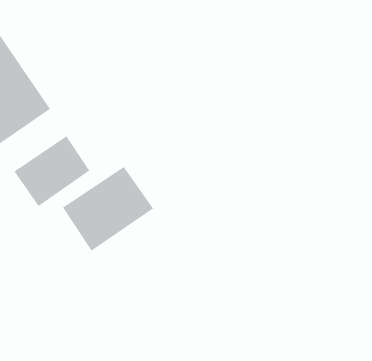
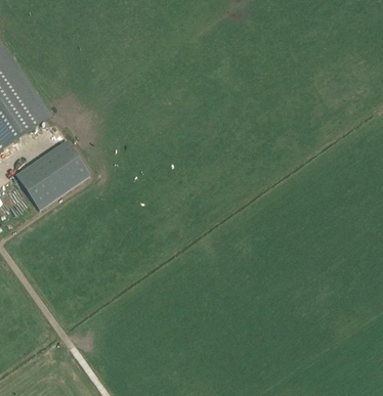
building: [62,166,154,251] -> none

